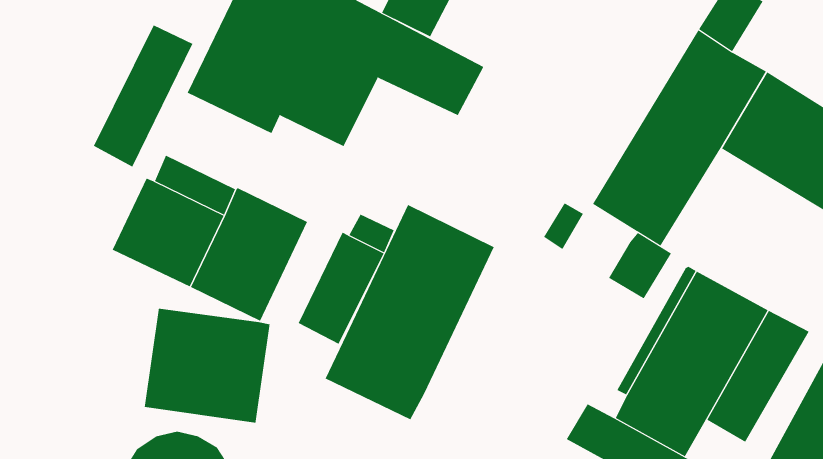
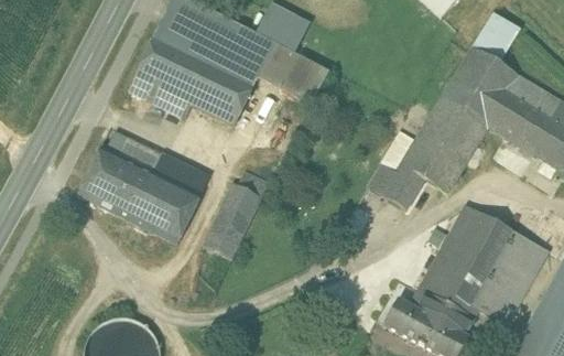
building: [93,25,193,168] -> none
building: [325,204,494,420] -> none
building: [608,232,672,299] -> [382,164,425,209]
building: [144,308,270,423] -> none

